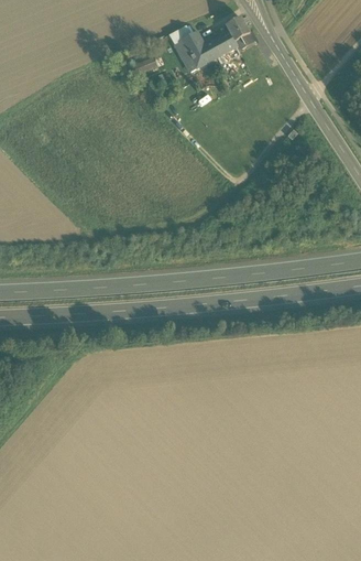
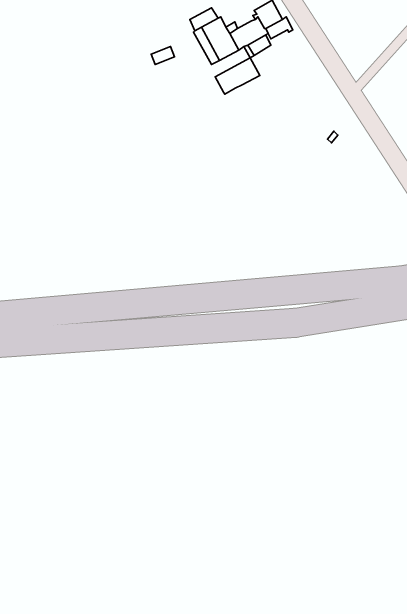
building: none -> [215,58,260,94]

